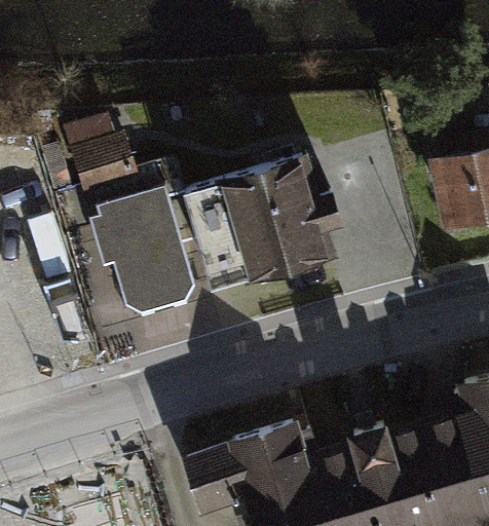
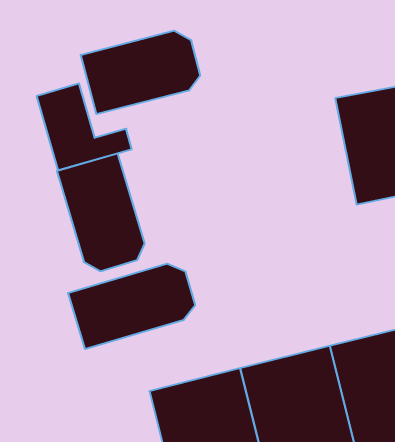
building: none -> [81,31,200,114]
building: [199,159,325,285] -> none
building: none -> [68,264,195,349]

